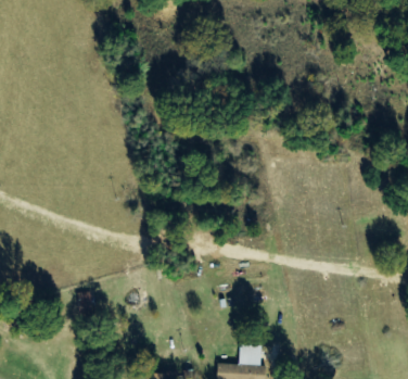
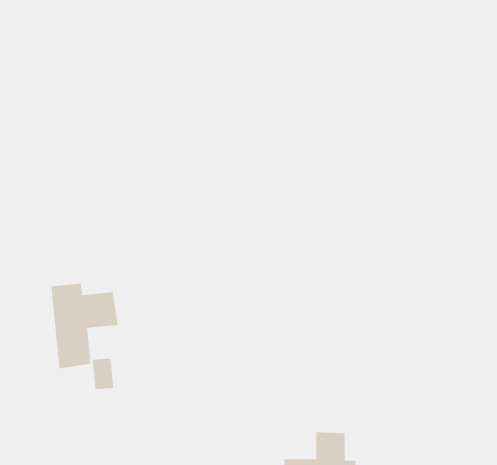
building: none -> [51,283,118,369]

